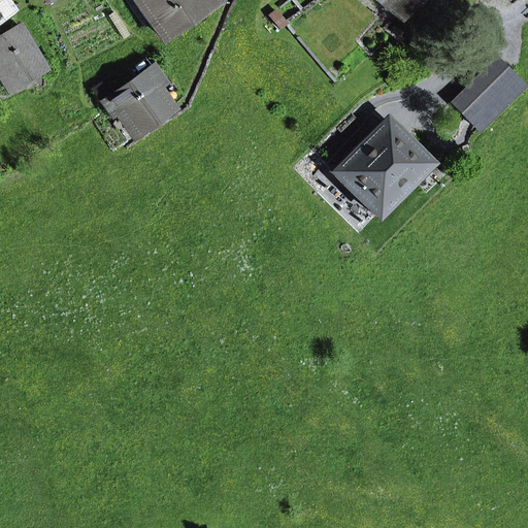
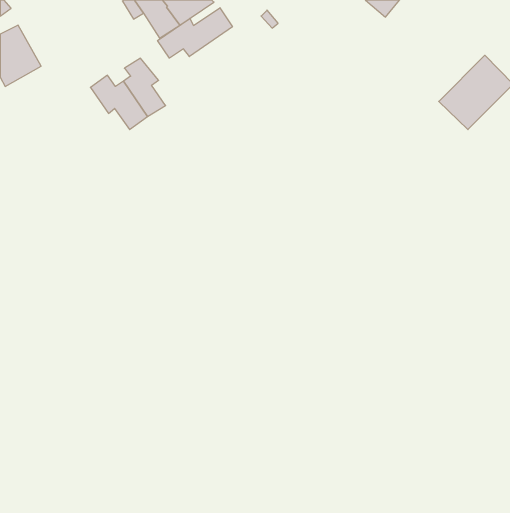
building: none -> [158,8,232,58]
building: [336,121,432,216] -> none

